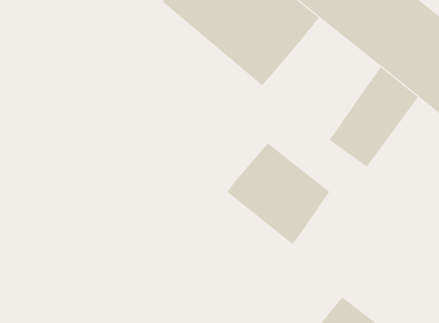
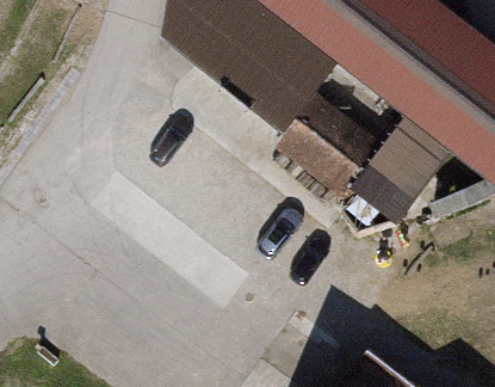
building: [227,142,330,245] -> [278,85,390,196]

